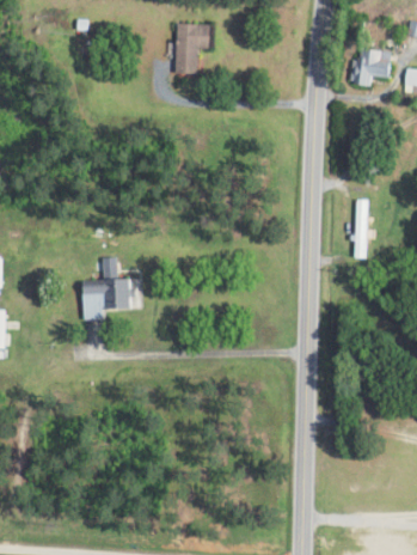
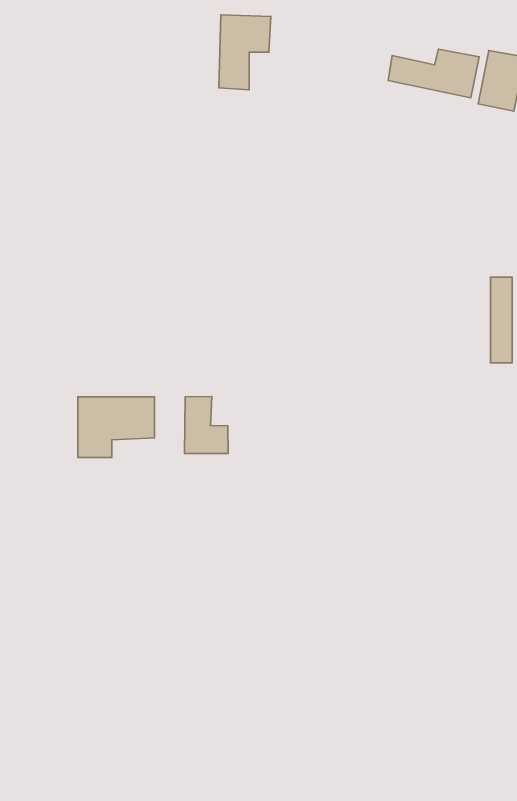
building: none -> [388,49,479,98]
building: none -> [184,396,228,453]

